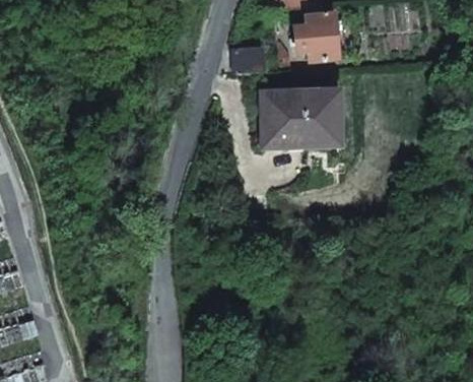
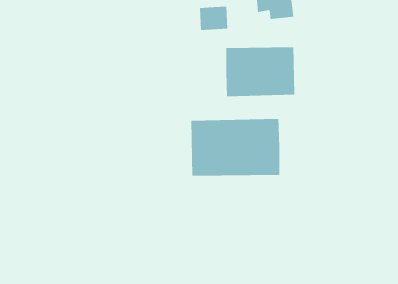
building: none -> [191,118,280,177]

